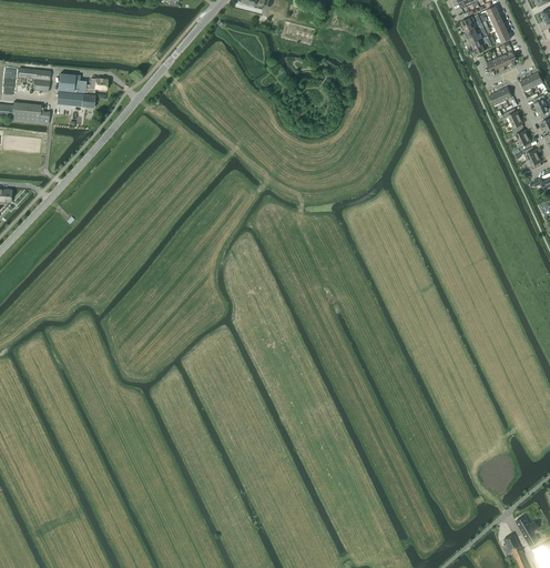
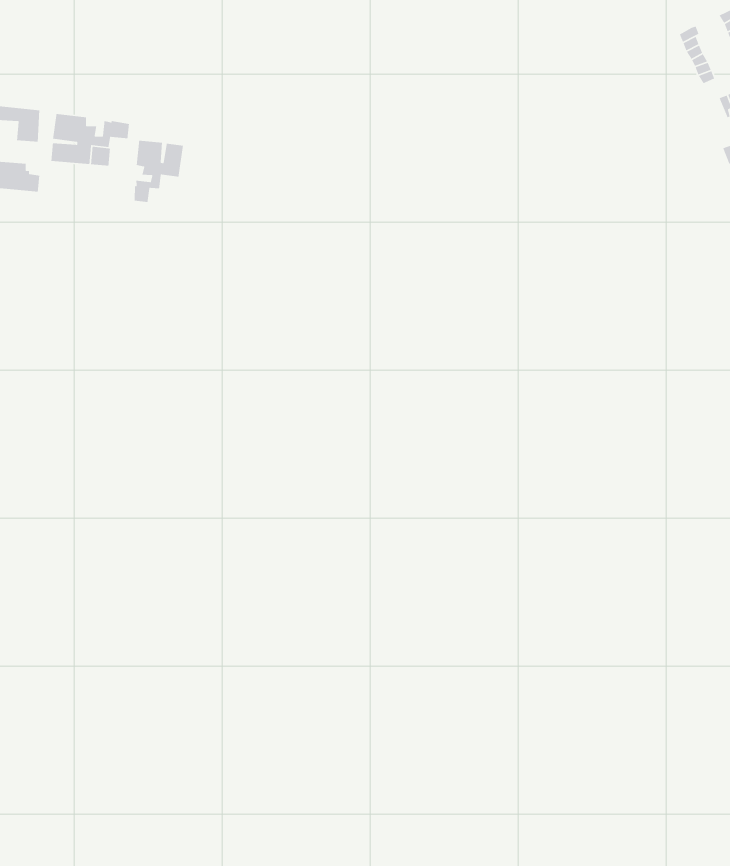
building: none -> [134,140,184,203]

